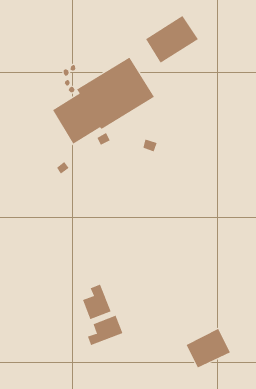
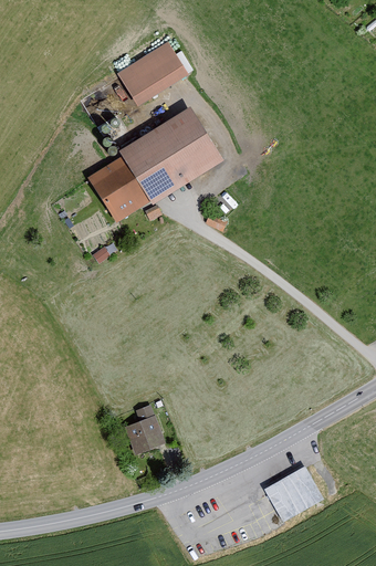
building: [145,15,199,63] -> [118,40,189,104]
building: [87,315,123,346] -> none

